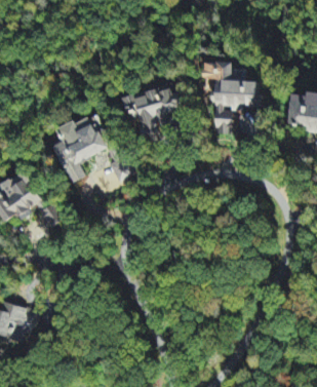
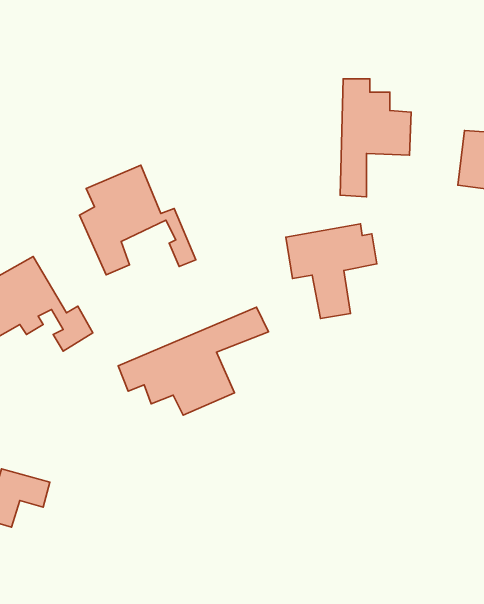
building: [124,86,181,145] -> [286,224,377,318]
building: none -> [118,307,268,415]

